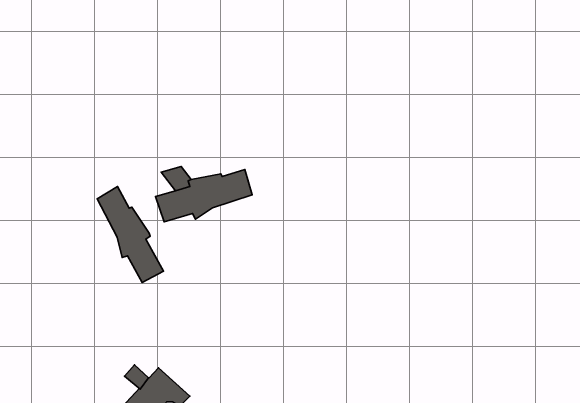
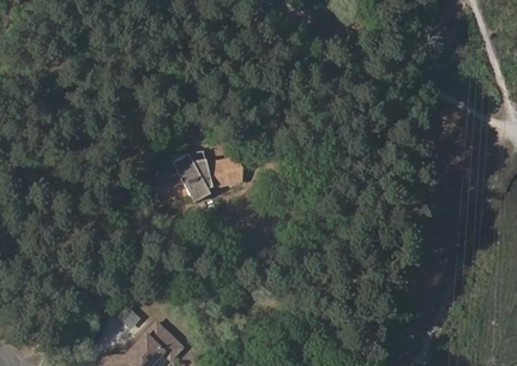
building: [97,186,163,283] -> none

